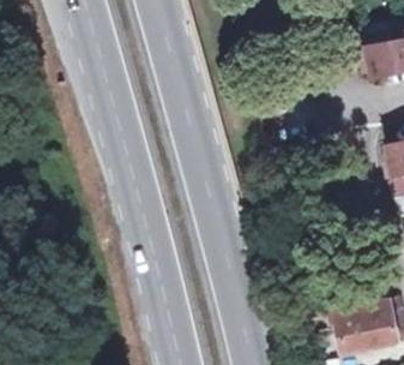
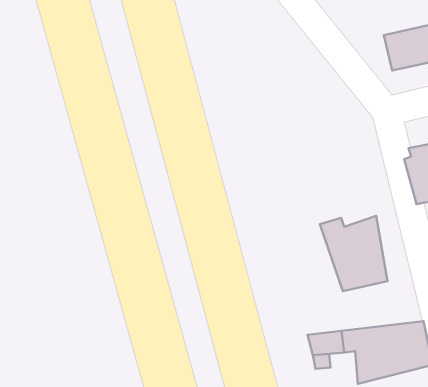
building: none -> [320,216,388,291]

